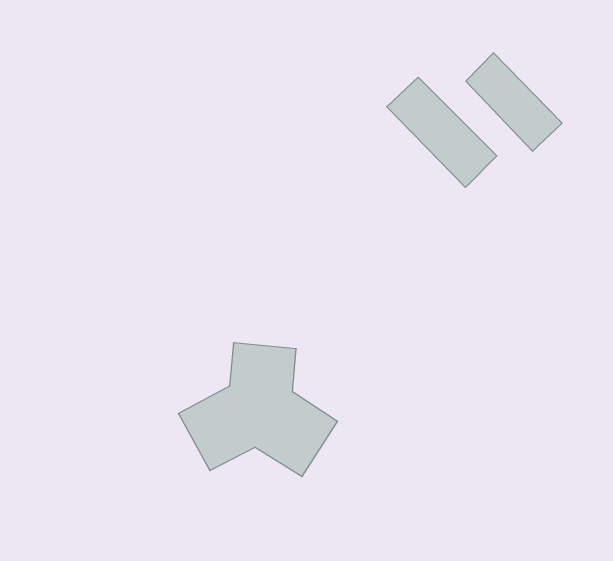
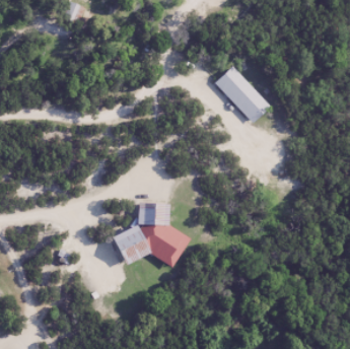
building: [466,53,562,151] -> none

